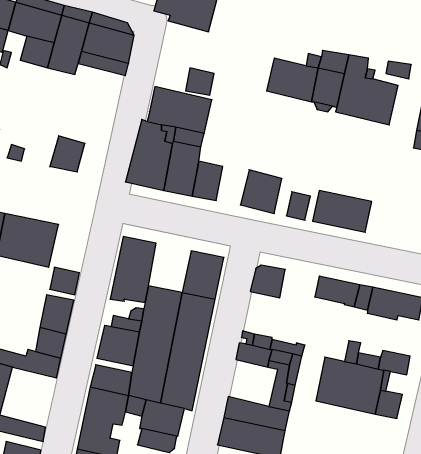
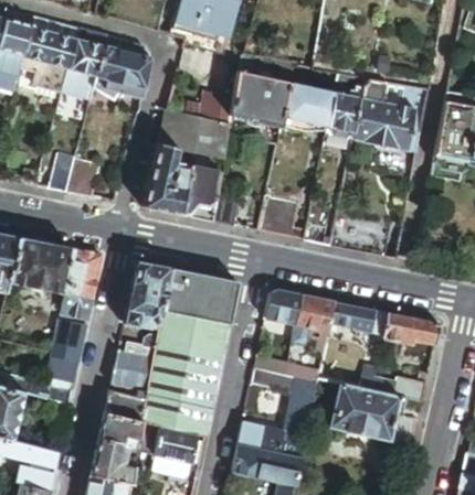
building: none -> [228,51,294,126]
building: none -> [62,249,102,298]
building: none -> [162,268,205,318]
building: none -> [291,294,335,354]

